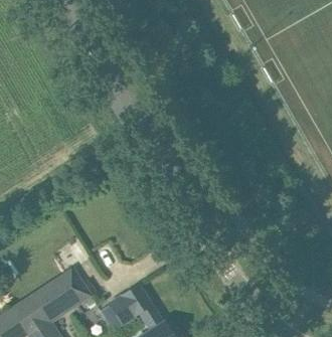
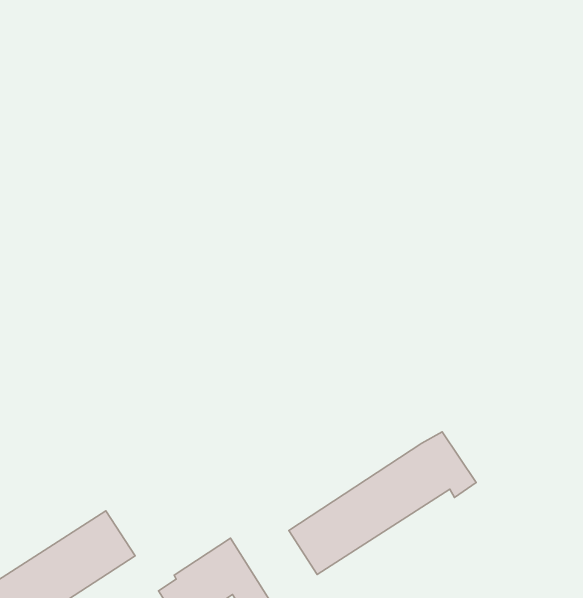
building: none -> [289,432,476,575]

